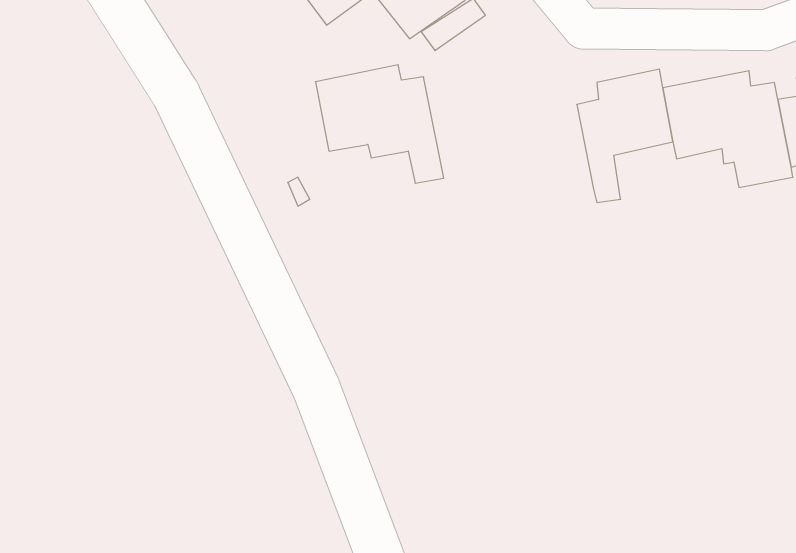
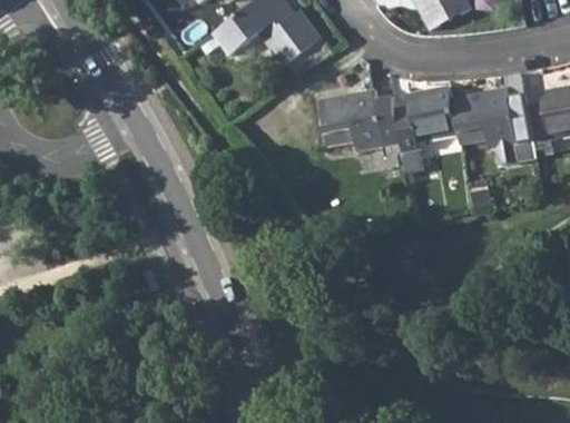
building: [315,65,444,183] -> [321,89,405,167]

